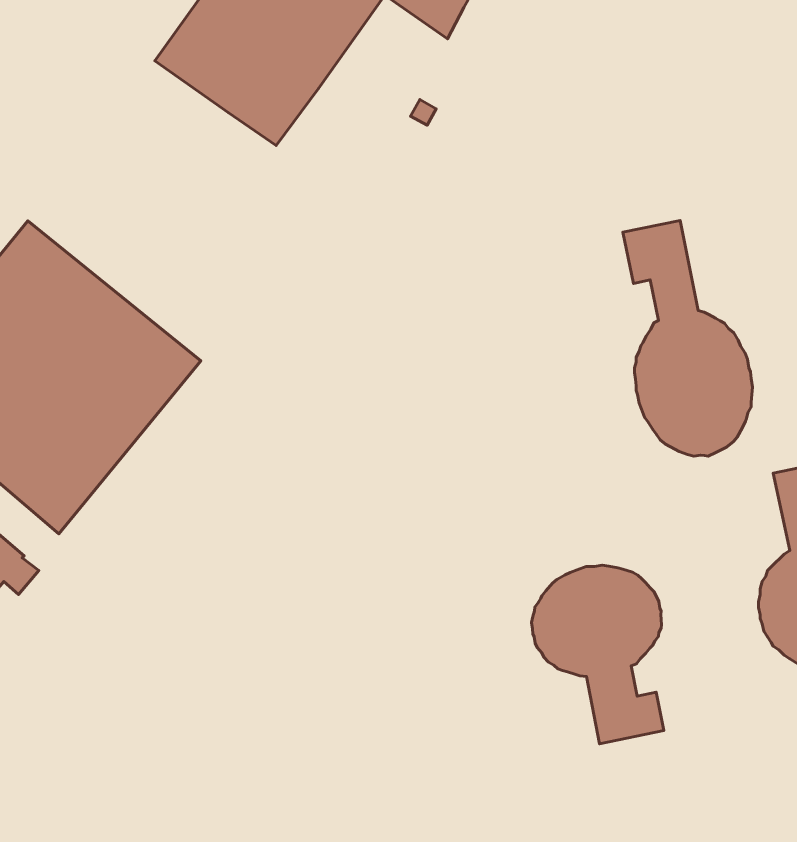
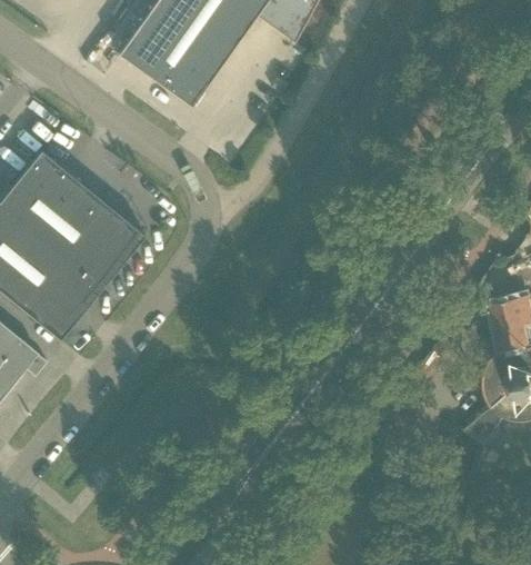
building: [623,220,753,456] -> none
building: [532,565,664,744] -> none

